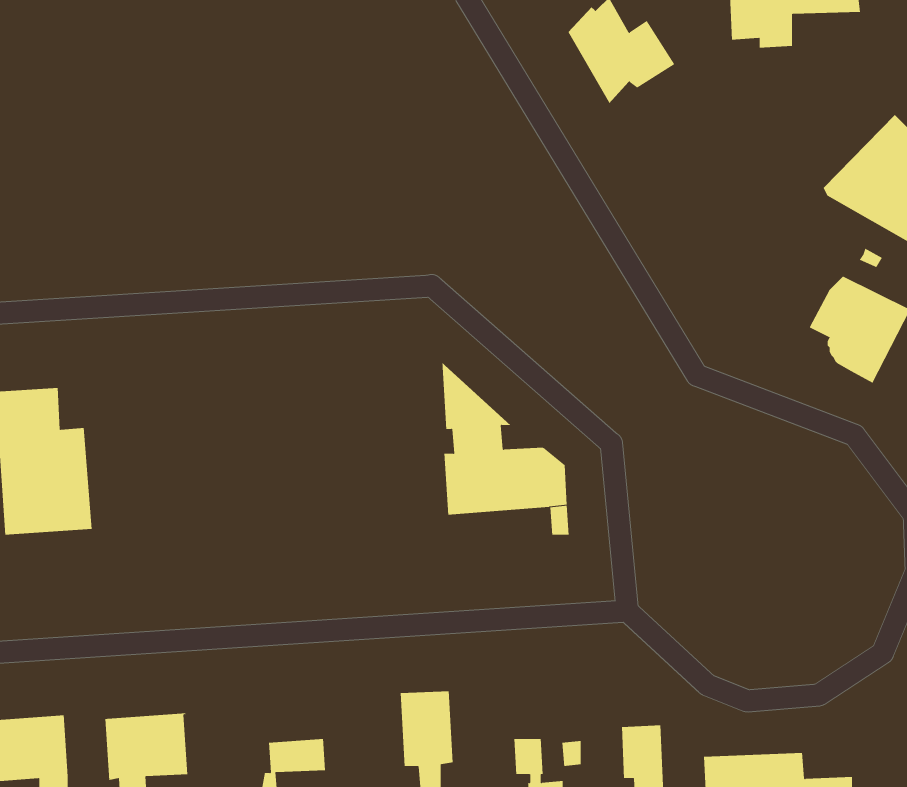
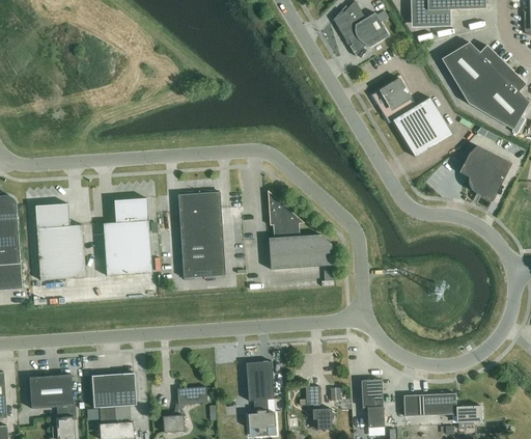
building: none -> [441,42,503,100]
building: none -> [371,78,452,157]
building: none -> [178,192,225,278]
building: none -> [103,198,152,276]

